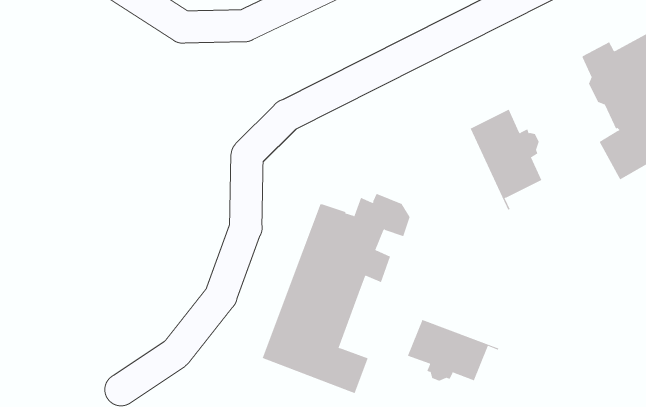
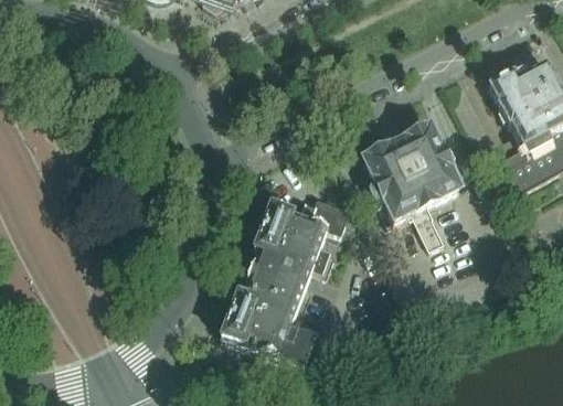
building: none -> [368,139,442,239]
building: [407,319,499,381] -> none

